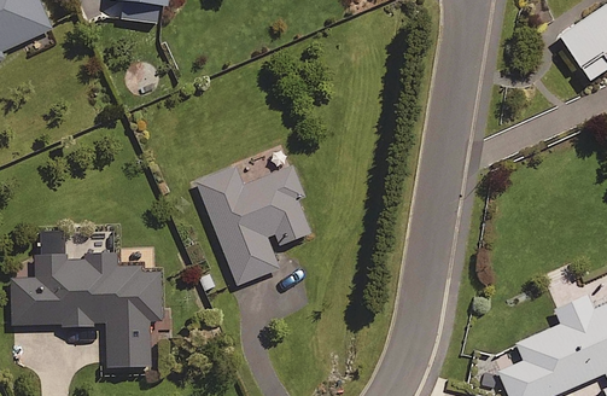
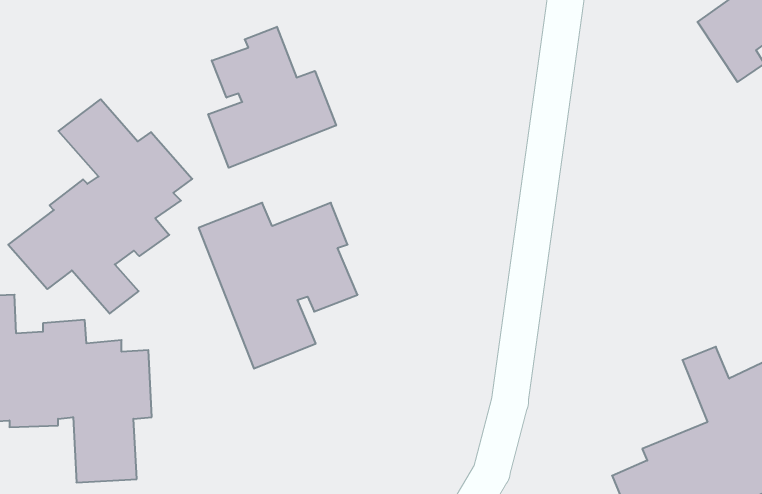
building: none -> [208,27,336,168]
building: none -> [8,99,192,314]

